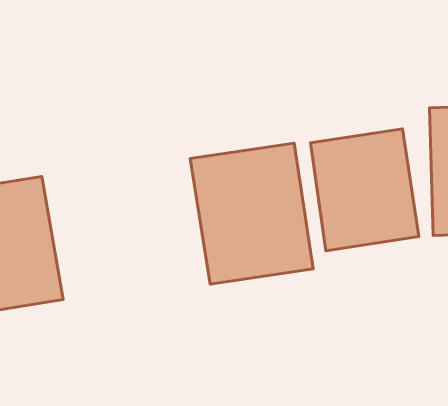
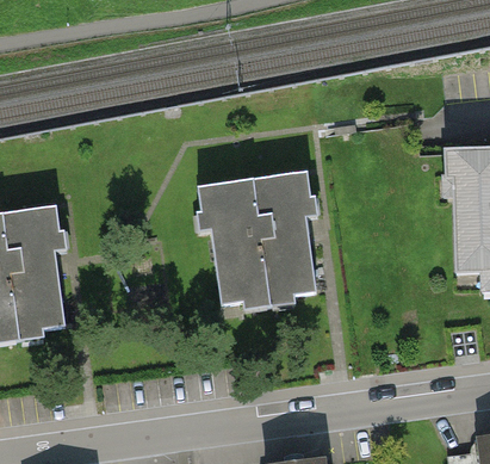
building: [310,129,419,251] -> none

